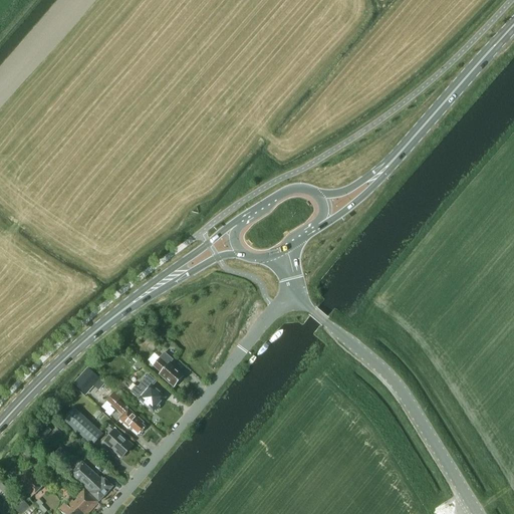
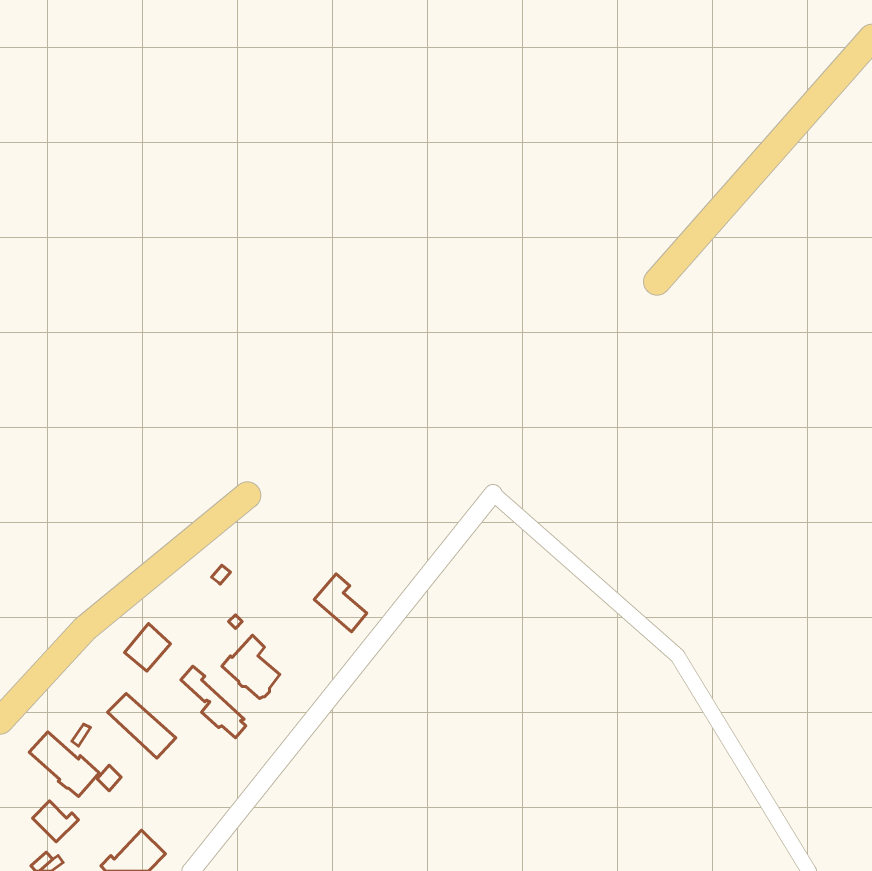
building: [152,352,183,387] -> [314,574,367,632]
building: [104,429,134,457] -> none
building: [70,462,111,500] -> [29,732,99,797]

